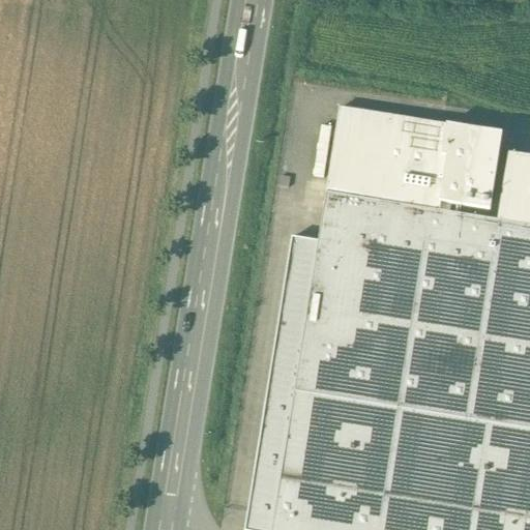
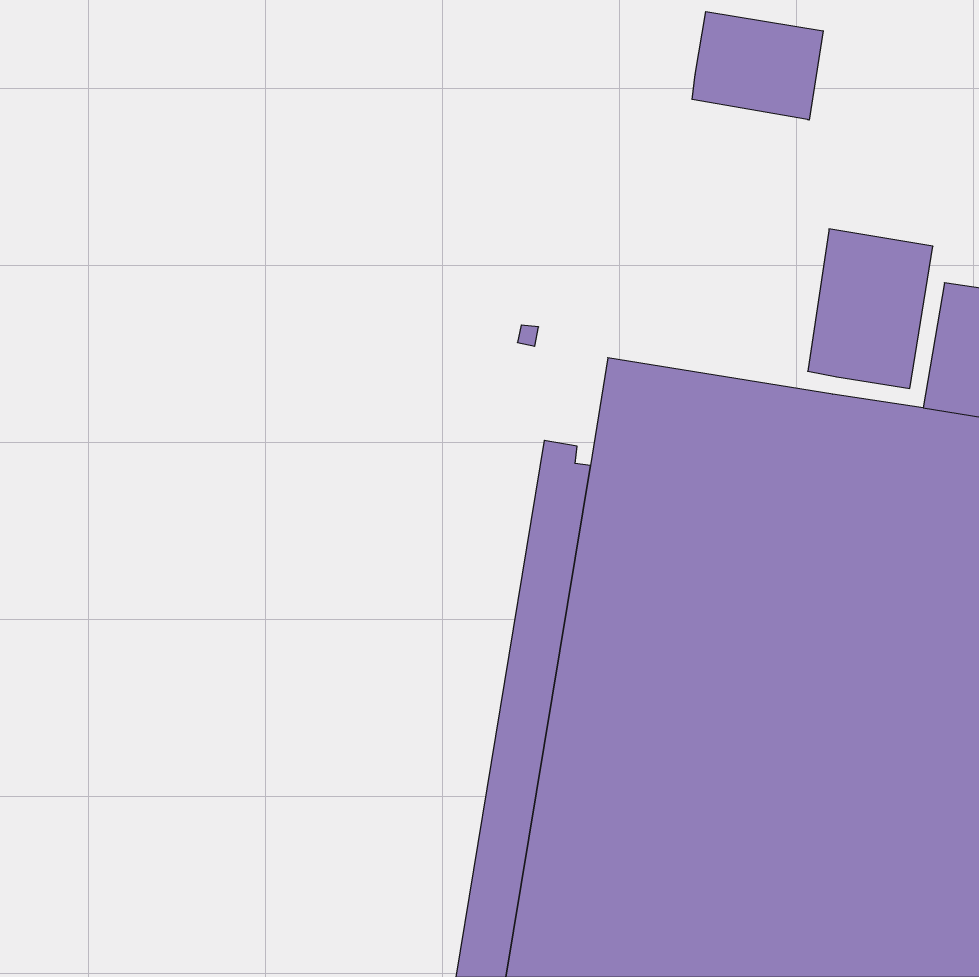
building: none -> [692,12,823,120]
building: [328,107,452,212] -> none

